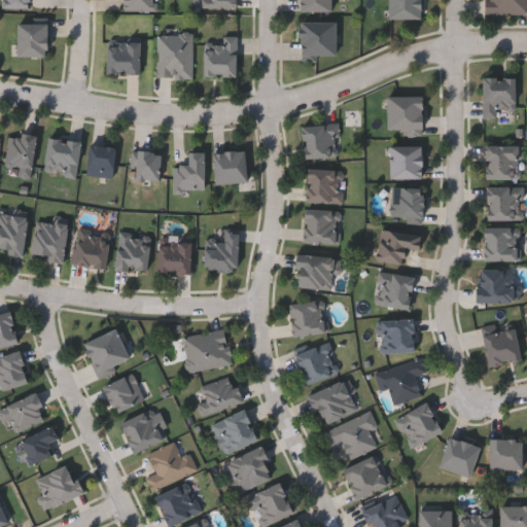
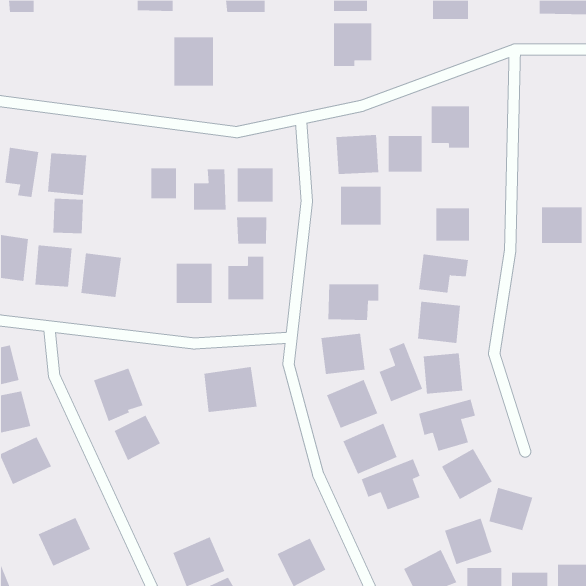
building: [15,22,47,57] -> none
building: [202,36,237,77] -> none
building: [107,38,139,73] -> none
building: [482,77,515,117] -> none
building: [390,144,421,177] -> [388,135,422,172]
building: [86,145,114,177] -> [53,198,84,234]
building: [485,145,522,179] -> none
building: none -> [237,216,267,245]
building: [303,209,341,243] -> none
building: [484,226,520,260] -> none
building: [114,231,151,272] -> none
building: [477,269,513,302] -> none
building: none -> [379,342,423,402]
building: [483,327,520,365] -> none
building: [197,377,241,414] -> none
building: [119,409,167,453] -> none
building: [212,410,257,454] -> none
building: [20,425,59,464] -> none
building: [489,440,521,469] -> none
building: [147,443,199,489] -> none
building: [224,447,274,493] -> none
building: [343,456,386,498] -> [444,518,493,565]

